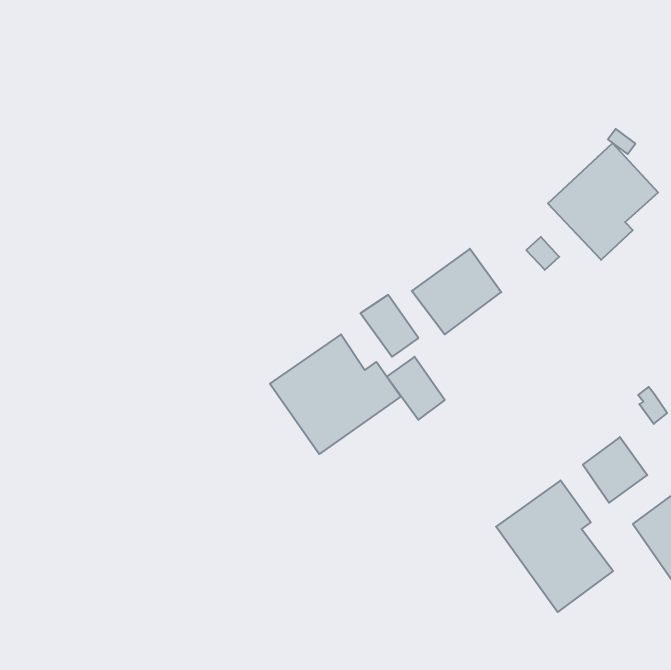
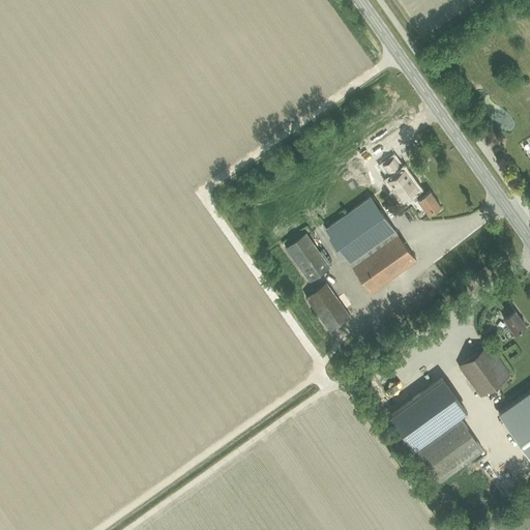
building: [548,143,658,260] -> none
building: none -> [388,165,420,204]
building: none -> [351,232,417,294]
building: [270,334,401,454] -> none

